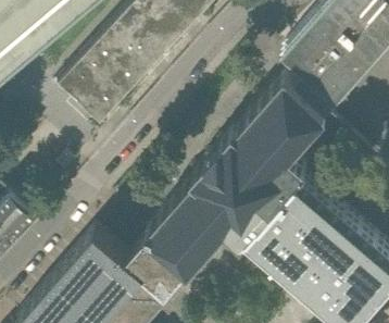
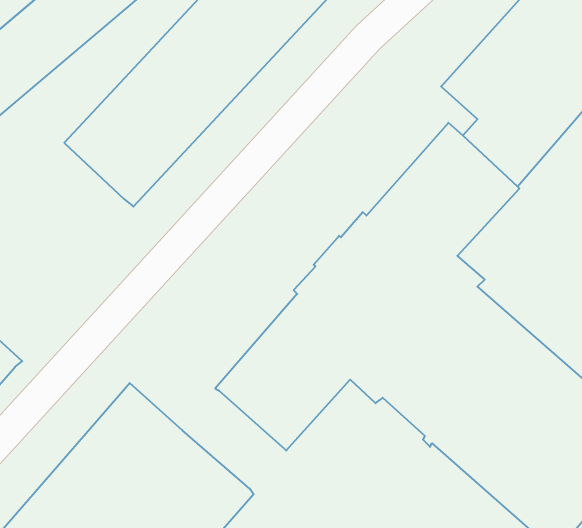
building: [127,237,188,296] -> none

